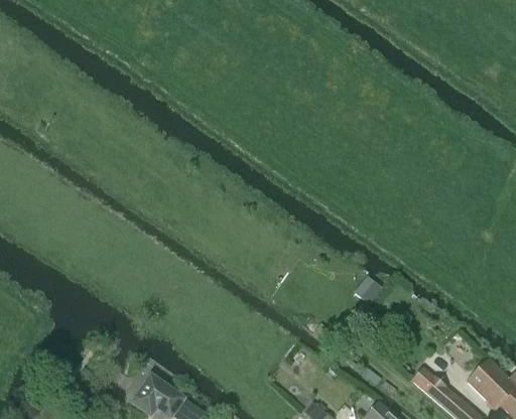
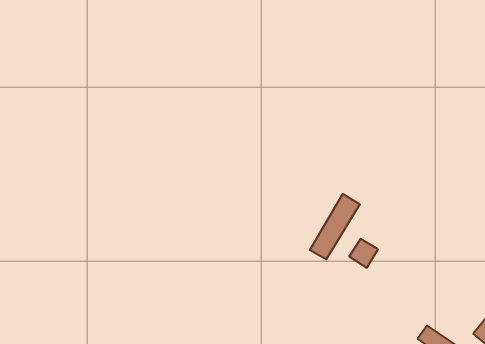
building: none -> [310,194,360,259]

